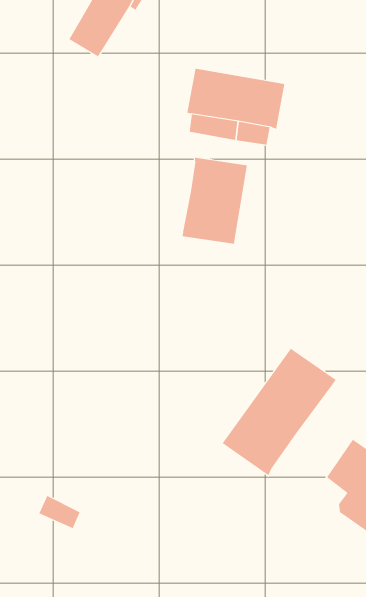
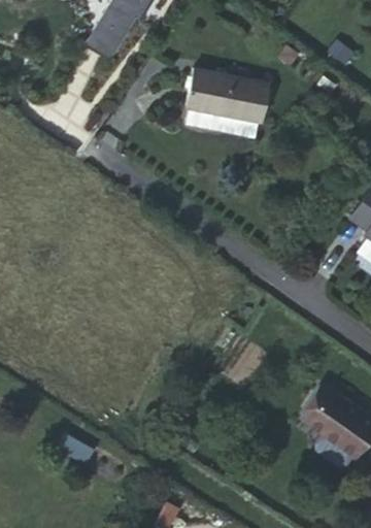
building: [182,157,248,245] -> none
building: [222,348,336,476] -> none

